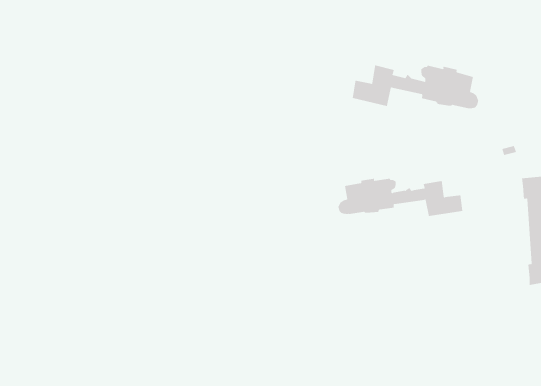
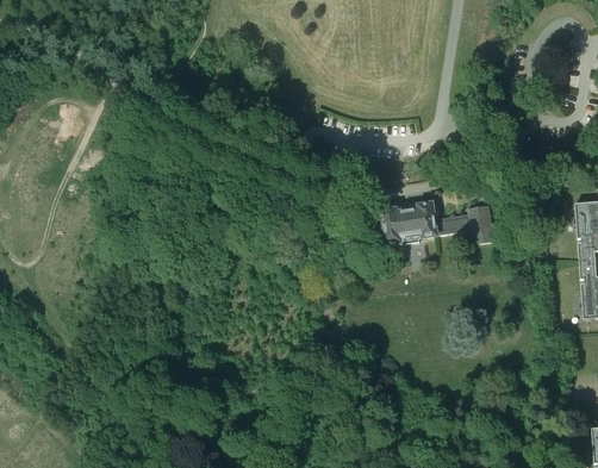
building: [352,65,479,109] -> none

